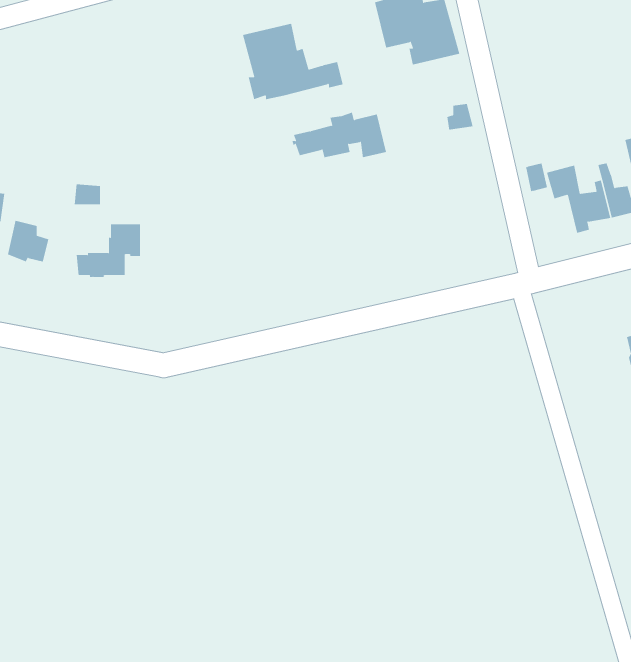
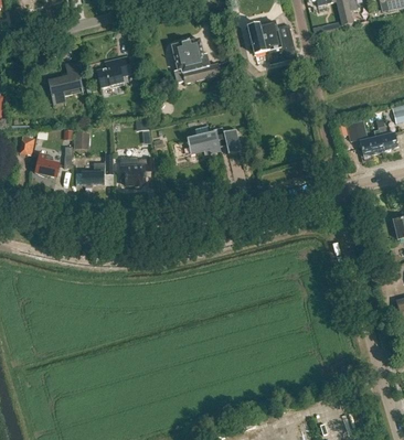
building: none -> [97,55,131,87]
building: none -> [49,61,83,106]
building: [291,112,387,158] -> [187,127,242,153]
building: none -> [120,155,153,186]

